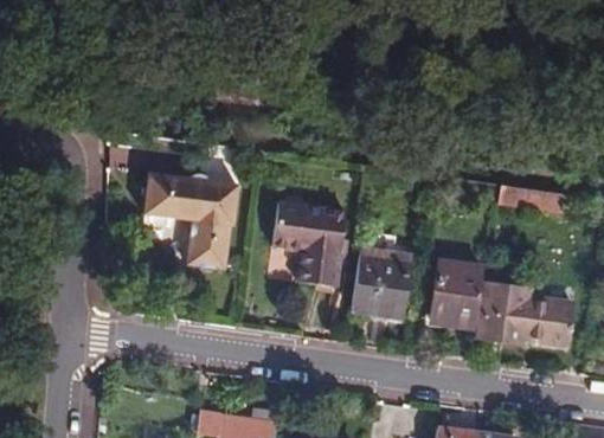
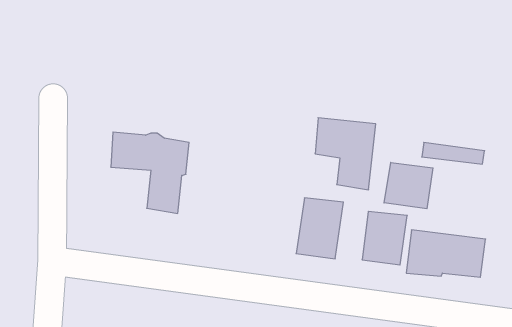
building: [276,206,346,289] -> [315,118,376,190]
building: none -> [384,162,433,209]

